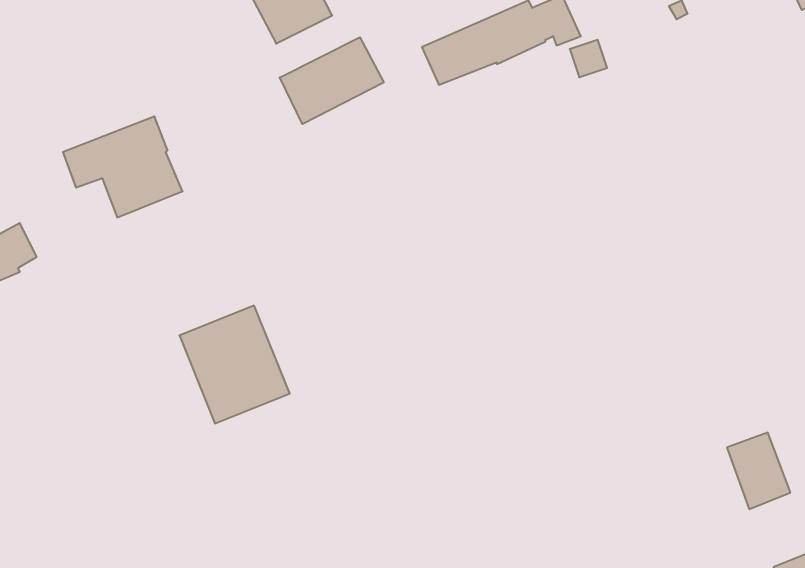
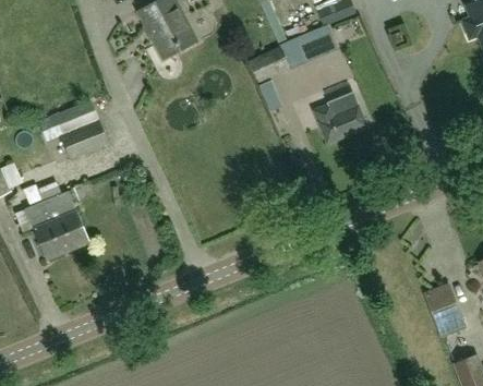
building: [280,37,384,124] -> none
building: none -> [315,93,366,143]
building: [179,306,290,423] -> [25,190,89,258]

